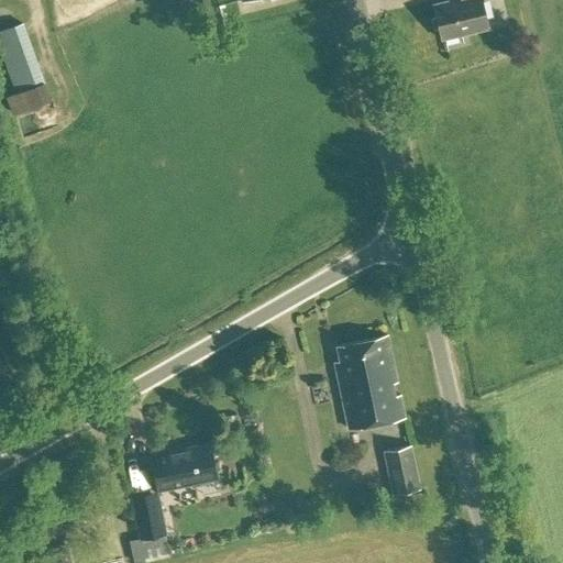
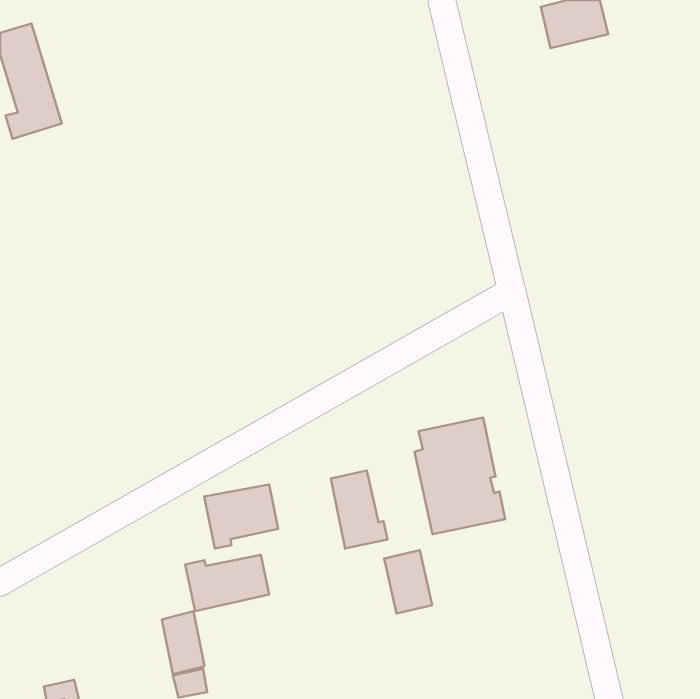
building: none -> [331,471,387,549]
building: none -> [204,484,278,549]
building: [382,448,420,498] -> [384,550,432,613]

